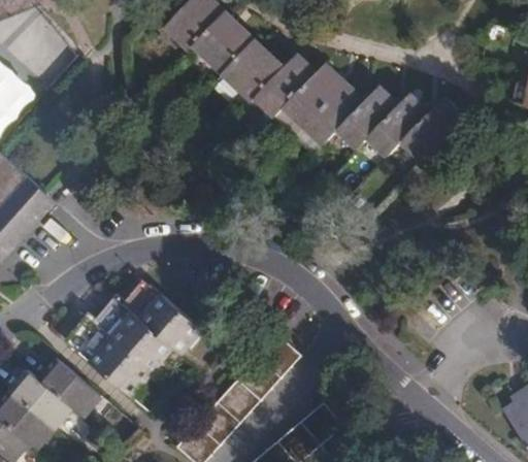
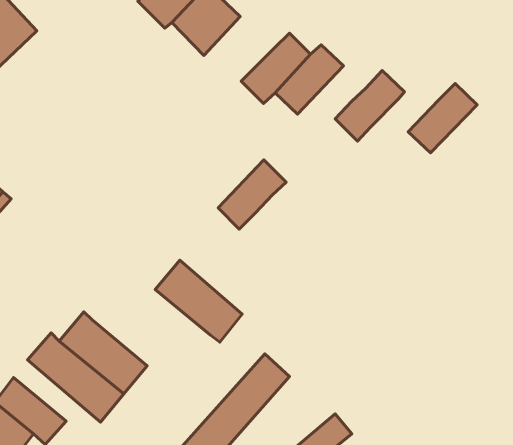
building: [222,40,284,101] -> none
building: [304,84,364,144] -> [218,160,286,229]
building: [368,95,428,157] -> none
building: [124,280,200,353] -> [155,260,242,342]

